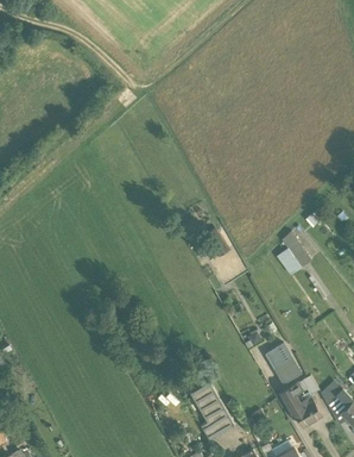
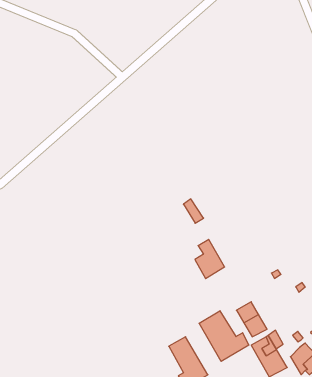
building: [278,231,311,275] -> [195,239,225,279]
building: none -> [199,311,249,361]

